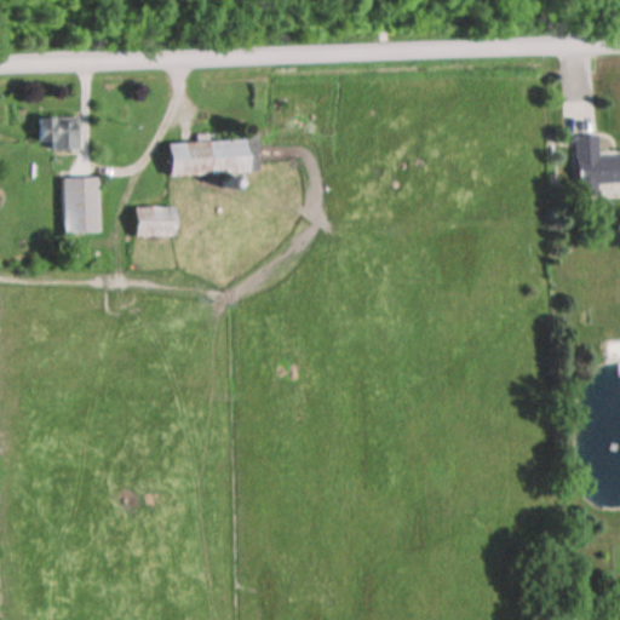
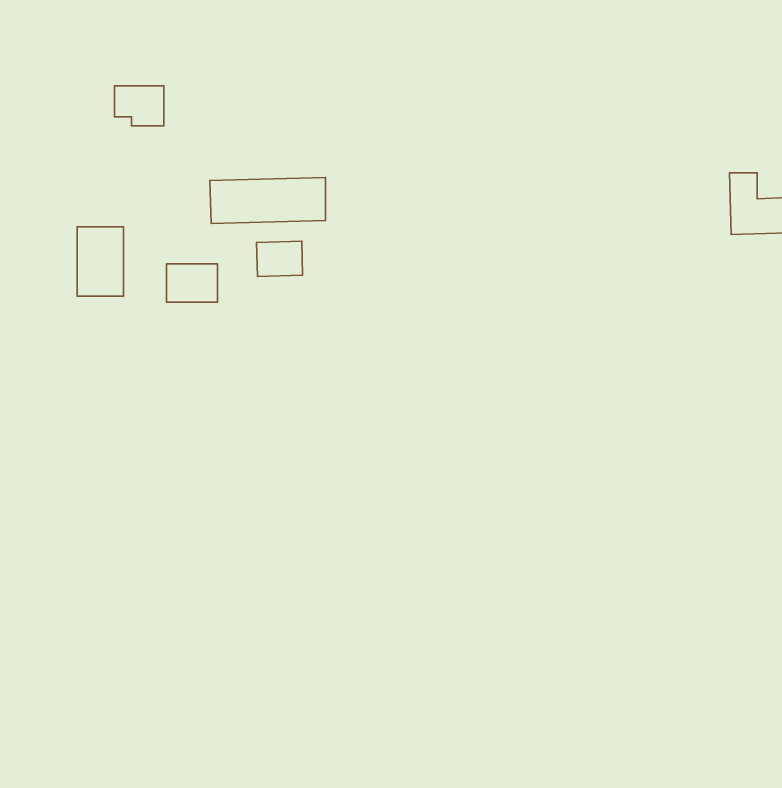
building: [40,119,79,150] -> [115,86,164,126]
building: none -> [256,241,303,276]

